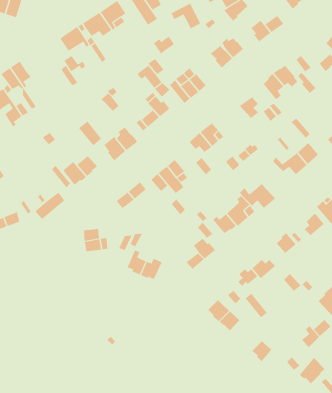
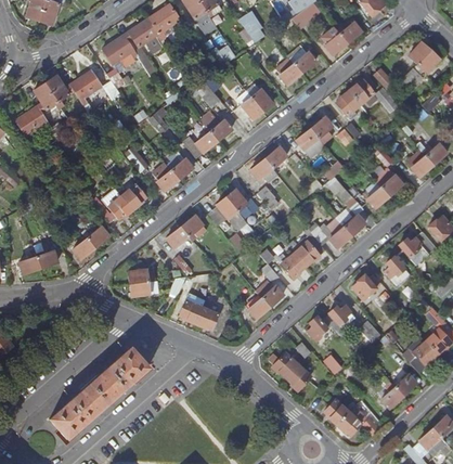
building: none -> [69,69,101,105]
building: none -> [296,127,325,156]
building: none -> [336,189,365,234]
building: none -> [51,347,148,438]
building: [299,357,325,384] -> [336,403,366,435]

